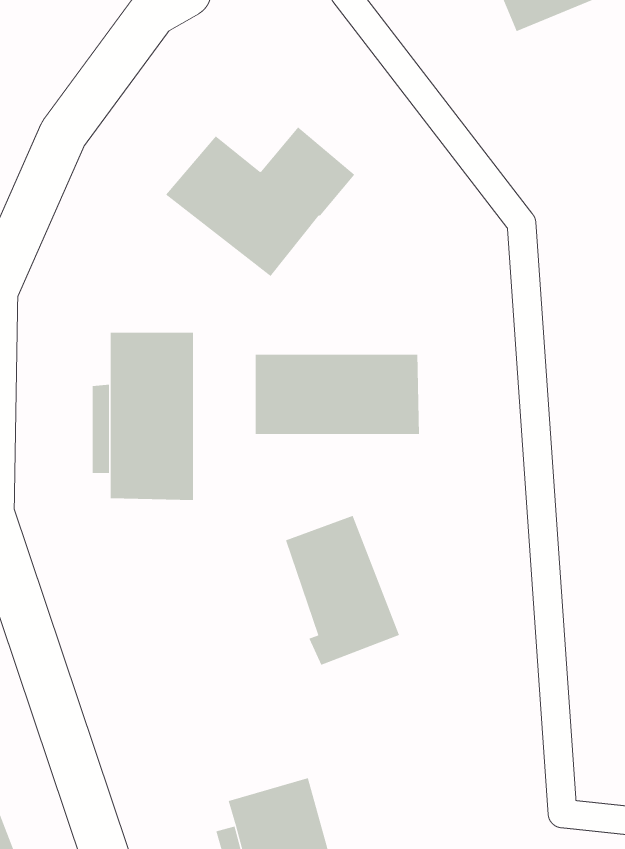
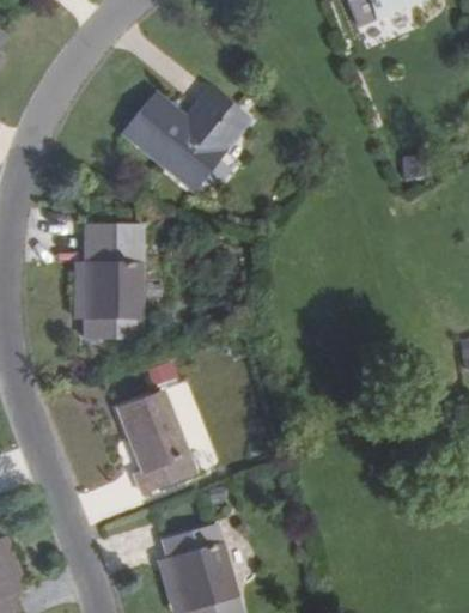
building: [255,354,420,435] -> none
building: [285,515,400,665] -> [120,392,196,492]

